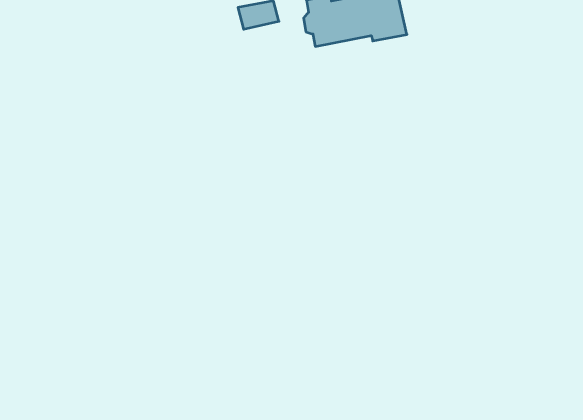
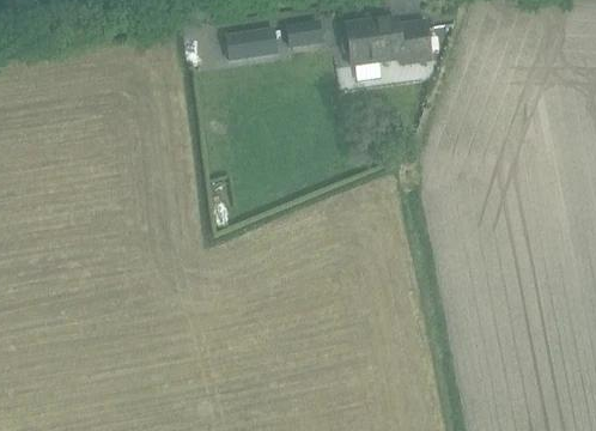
building: none -> [227,28,278,57]

